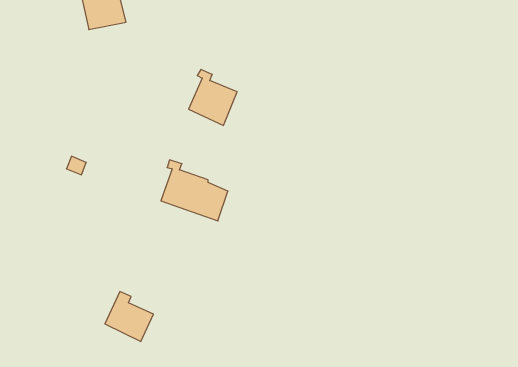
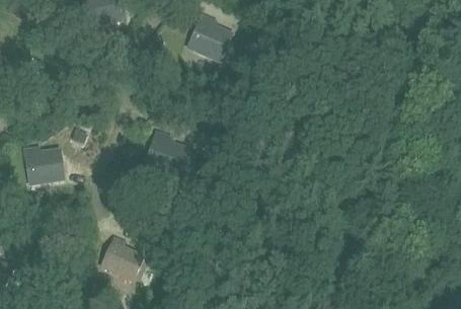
building: [189,69,237,125] -> [191,14,231,60]
building: none -> [22,147,62,181]

